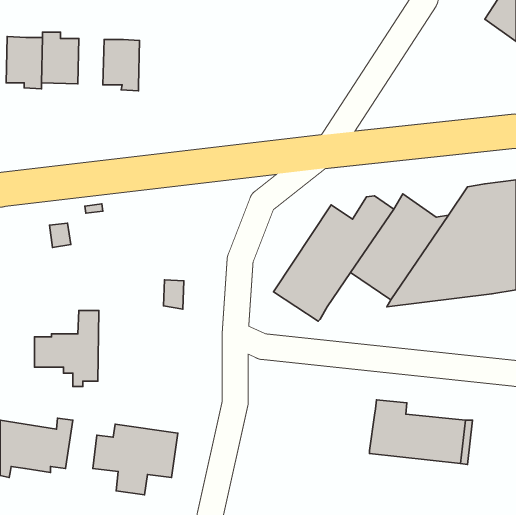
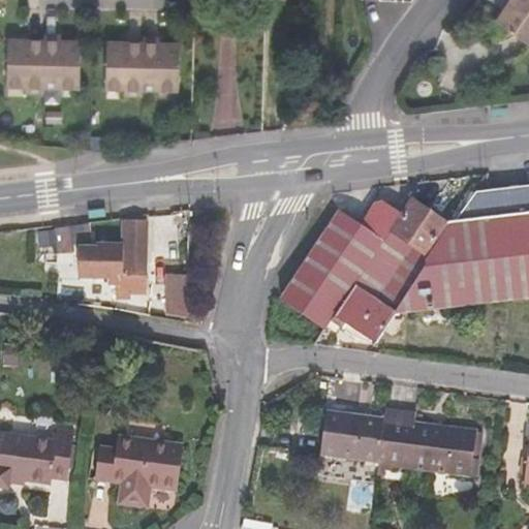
building: none -> [142,35,180,89]
building: none -> [328,279,400,341]
building: [34,311,99,386] -> [80,219,146,297]
building: none -> [320,410,384,461]

